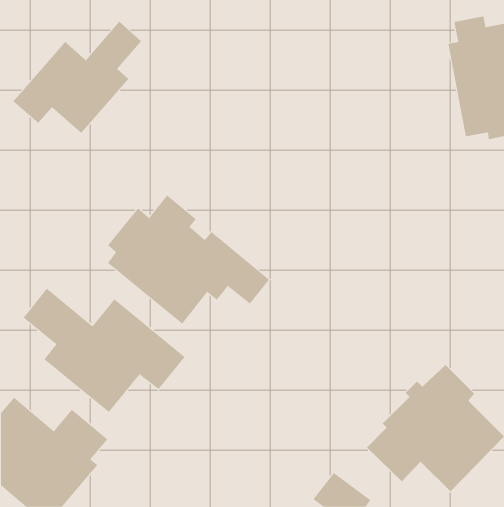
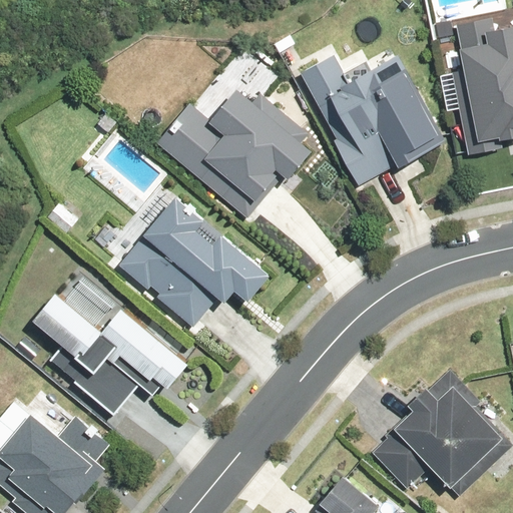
building: [13,21,142,134] -> none
building: none -> [303,49,447,185]
building: none -> [156,89,310,220]

